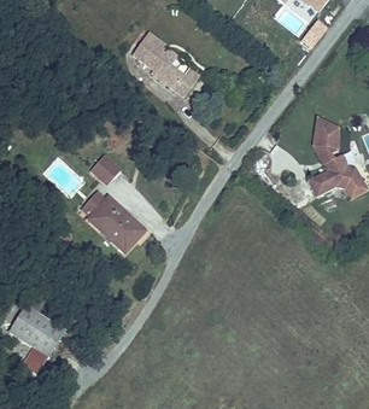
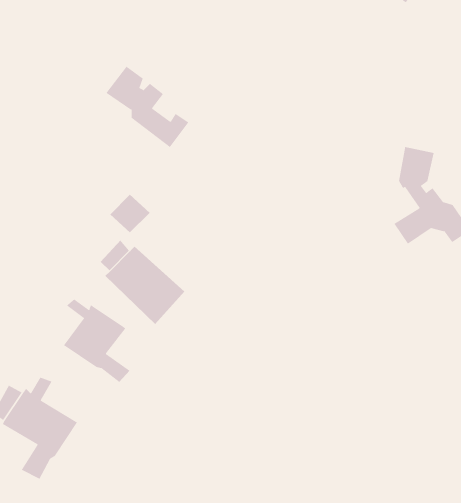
building: [141,36,205,99] -> [106,66,189,148]
building: none -> [63,299,131,383]

